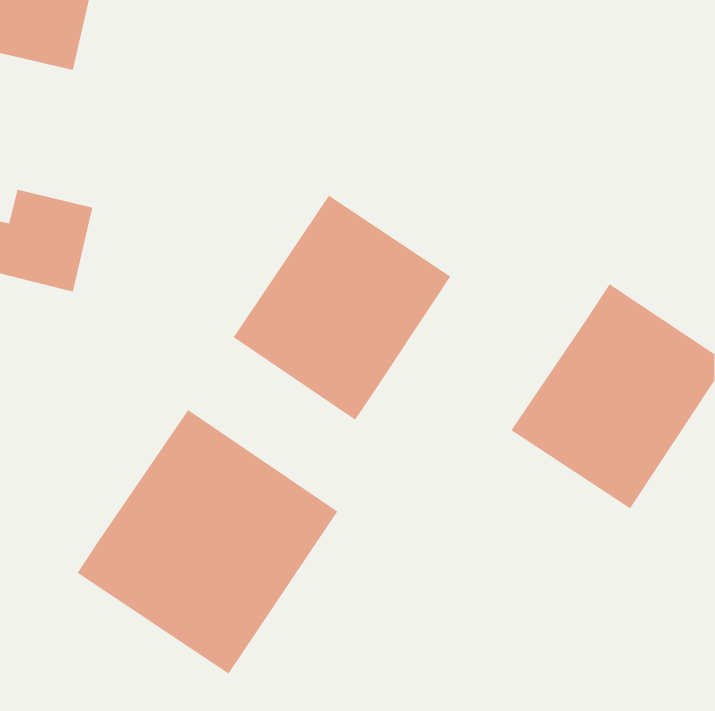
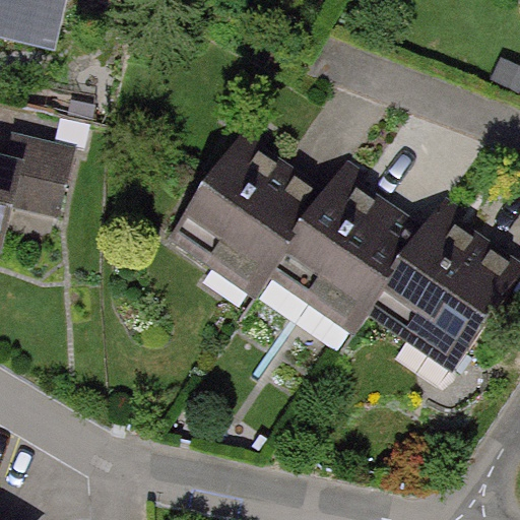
building: none -> [269,175,422,337]
building: [77,409,338,675] -> none

